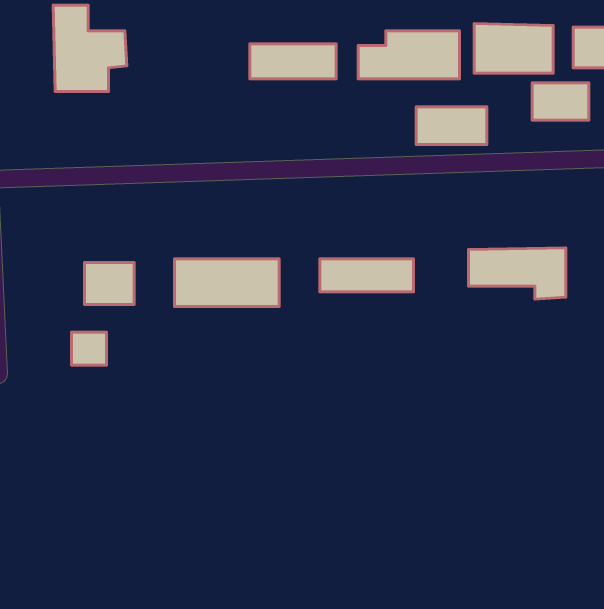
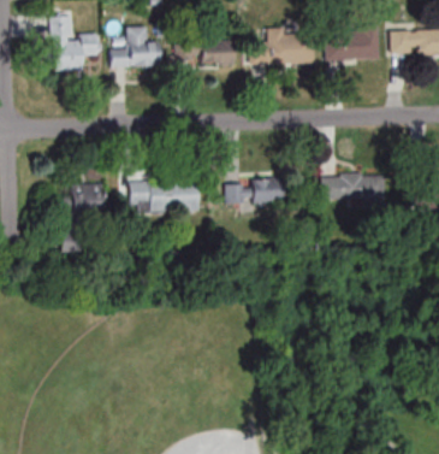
building: none -> [111,28,161,67]
building: [532,83,589,120] -> none
building: [416,107,487,145] -> none

